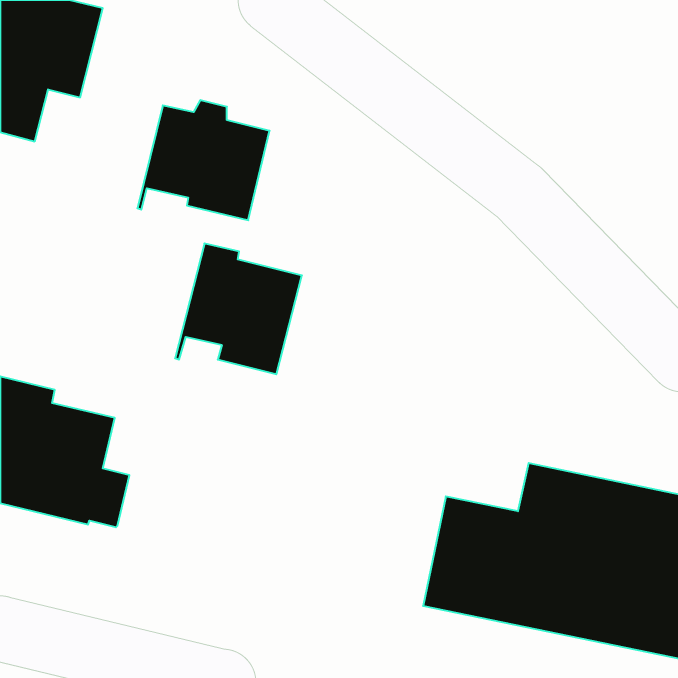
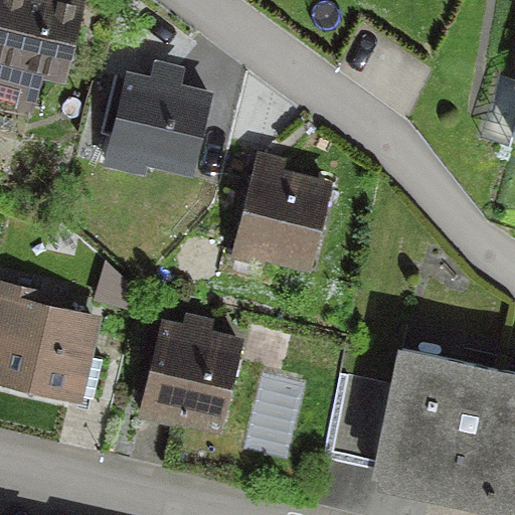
building: [175,243,302,374] -> [232,167,328,266]
building: none -> [139,327,238,426]

